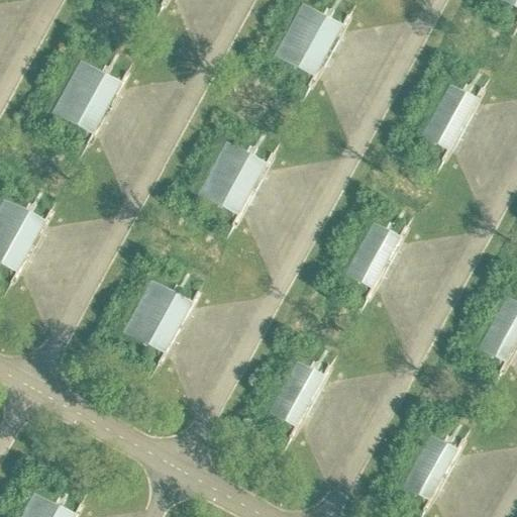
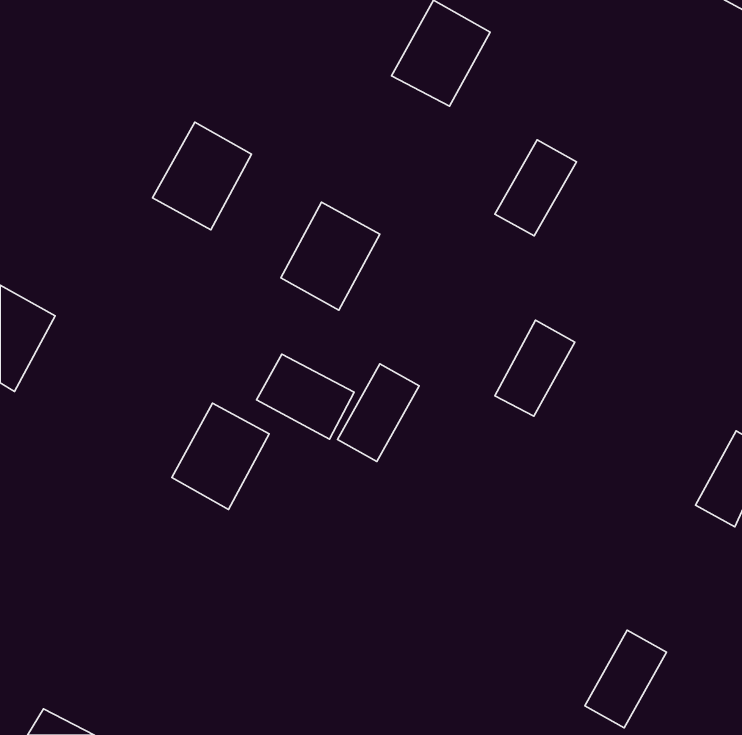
building: [46,59,115,133] -> [153,122,251,230]
building: [421,82,478,148] -> [495,140,576,236]
building: none -> [257,354,354,439]
building: [268,360,324,428] -> [338,364,419,461]

